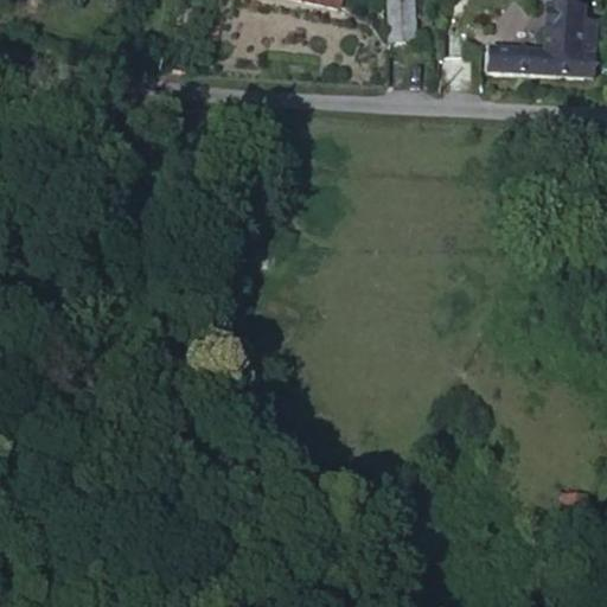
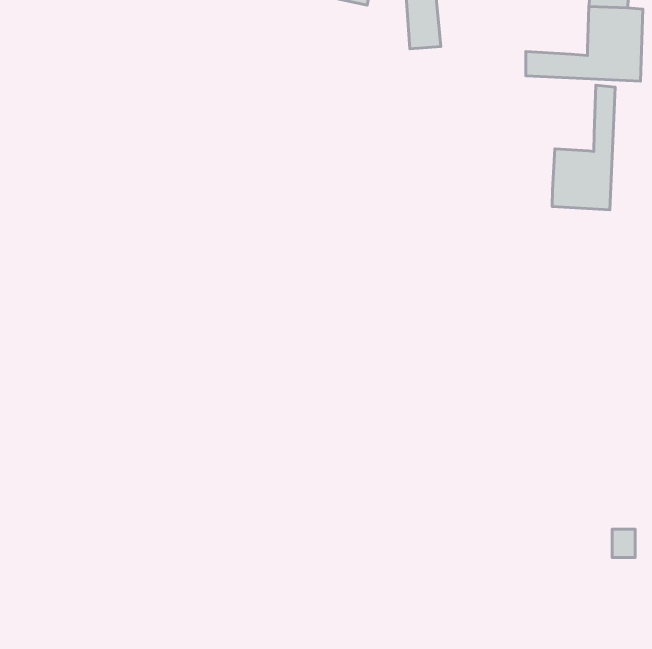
building: none -> [552,85,615,210]

